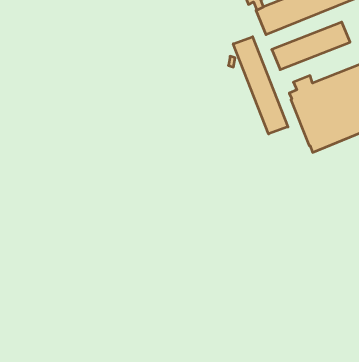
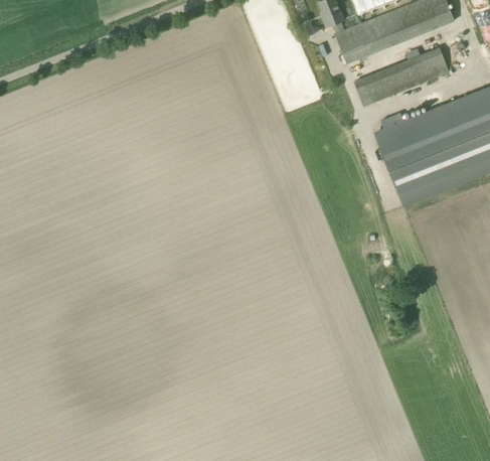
building: [233,37,288,134] -> none

